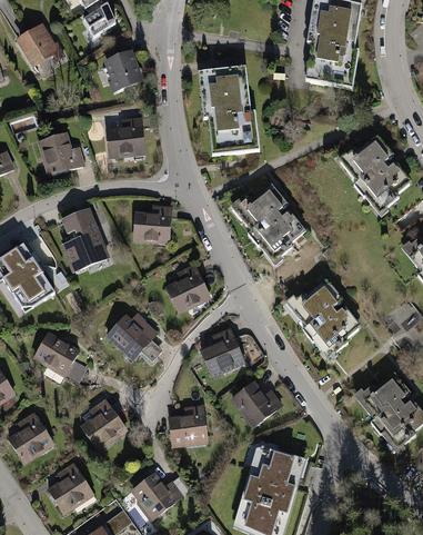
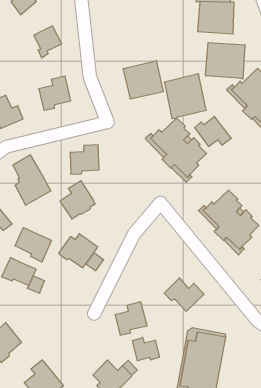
building: [203,66,251,117] -> [164,74,206,119]
building: none -> [206,43,245,79]
building: none -> [195,116,231,147]
building: [167,265,210,310] -> [60,181,95,219]
building: none -> [15,228,51,262]
building: [201,328,245,374] -> none
building: [82,398,123,447] -> none
building: none -> [132,337,159,361]

